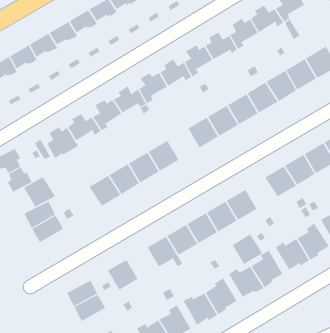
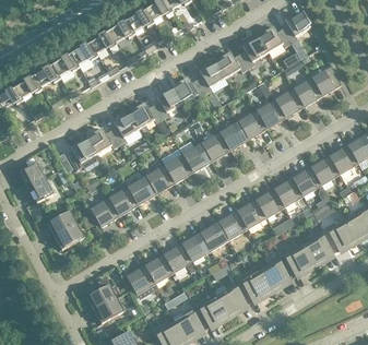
building: none -> [182,142,212,171]
building: [23,176,56,208] -> [90,197,120,226]
building: [232,233,263,265] -> [256,188,285,217]
building: none -> [144,253,174,283]

